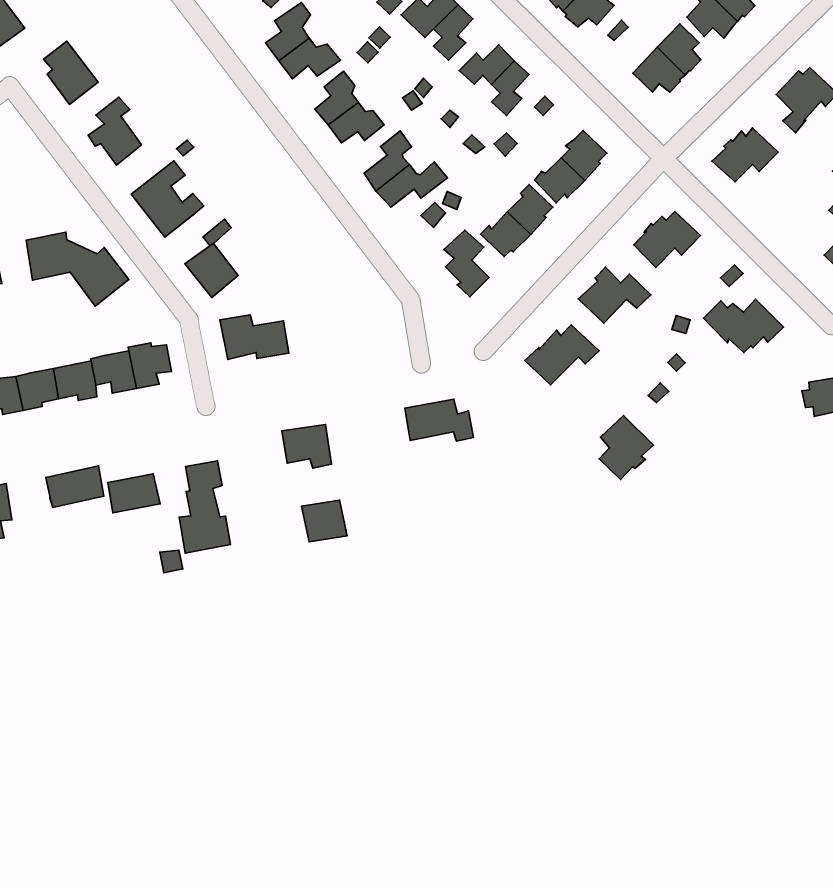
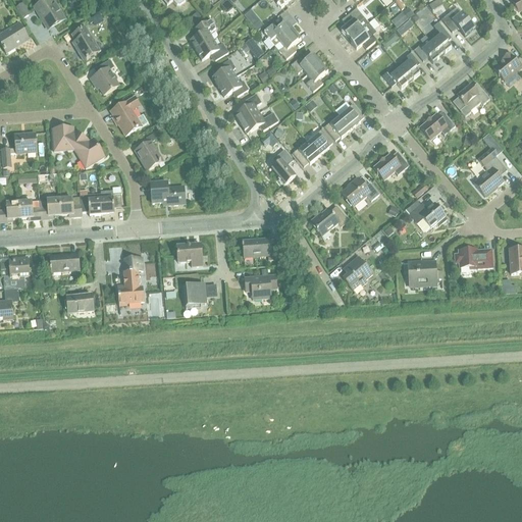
building: none -> [407,259,441,283]
building: none -> [244,274,275,299]
building: [108,474,160,513] -> [66,293,93,311]

